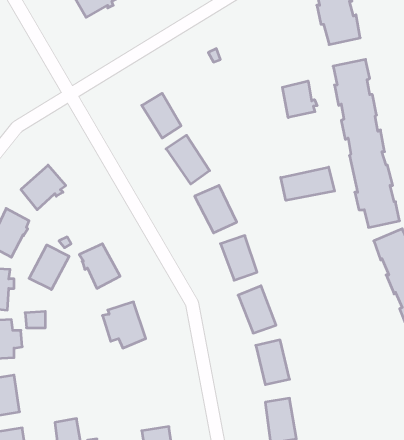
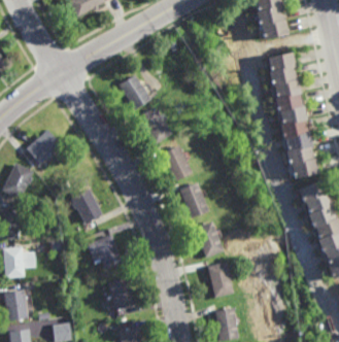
building: [282,81,317,118] -> none
building: [281,167,335,200] -> none
building: [29,245,69,290] -> none
building: none -> [111,278,137,310]

